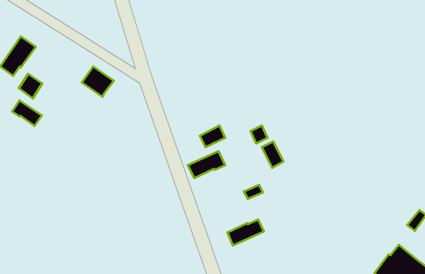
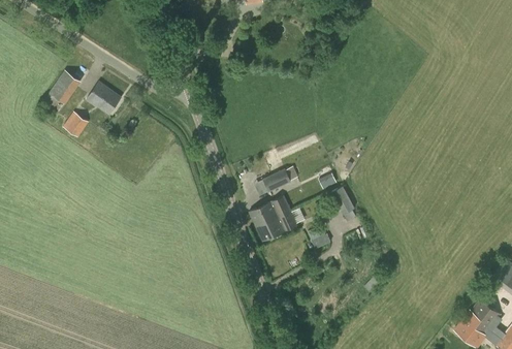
building: [82,67,114,97] -> [87,82,122,115]
building: [12,100,42,126] -> none
building: [227,219,264,246] -> [256,212,296,241]

